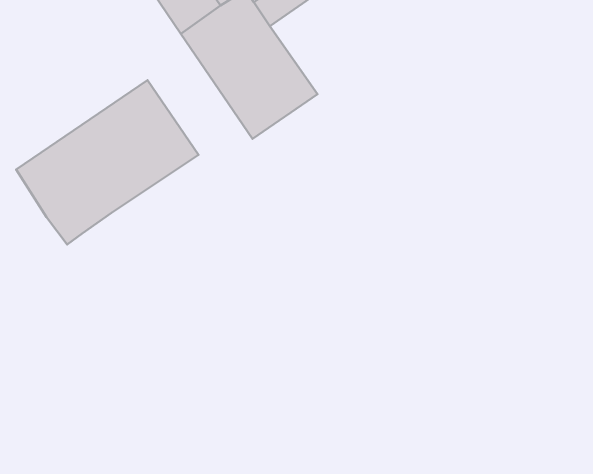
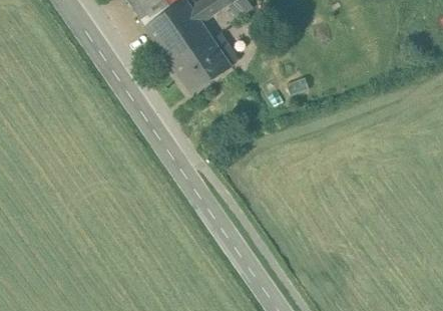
building: [16,80,198,245] -> none

